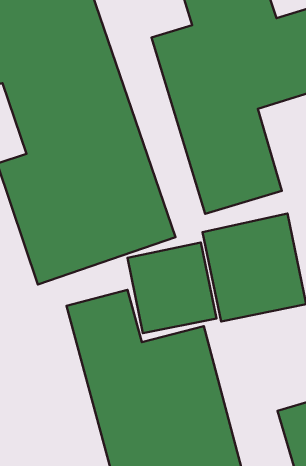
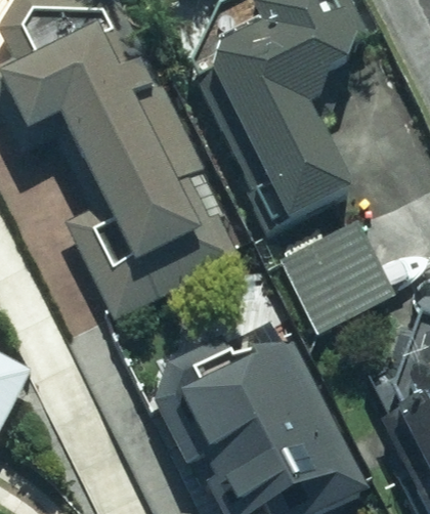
building: [128,243,216,333] -> none

